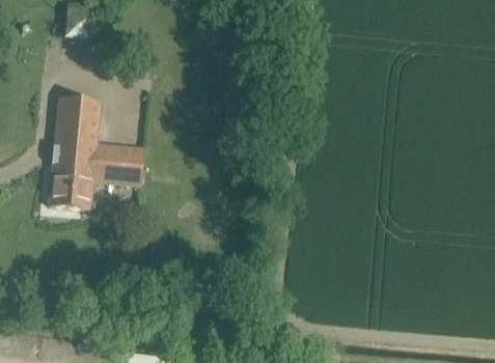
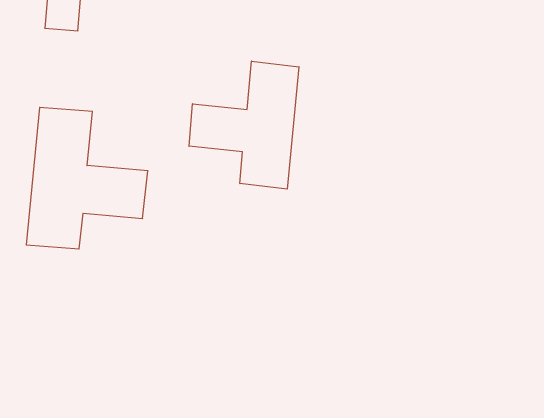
building: none -> [189,61,299,189]

